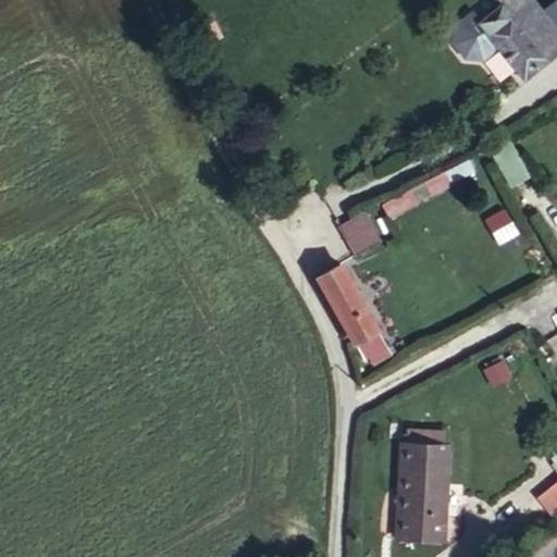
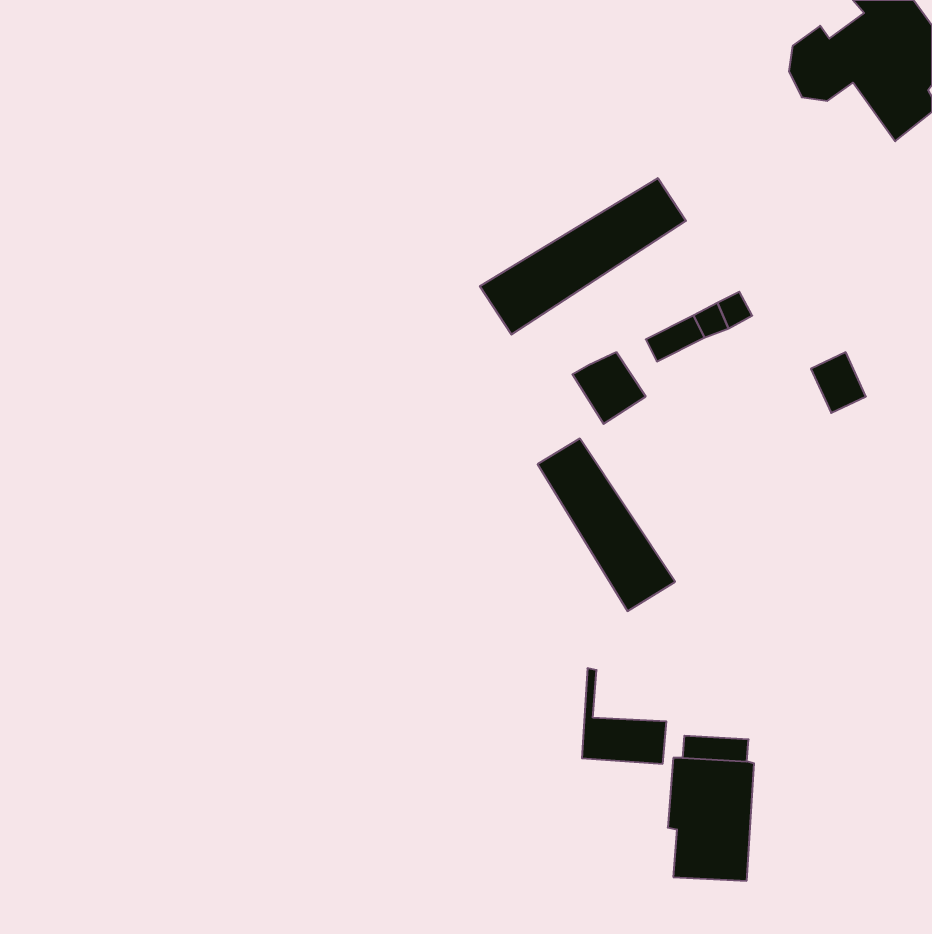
building: none -> [480,178,686,335]
building: [393,493,443,549] -> [582,668,666,764]

